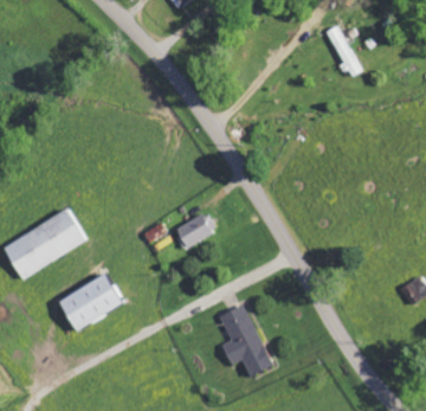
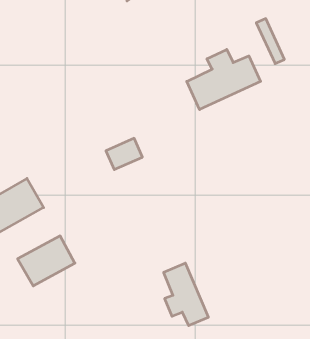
building: none -> [187,49,261,110]
building: [176,212,218,248] -> [106,138,142,170]

